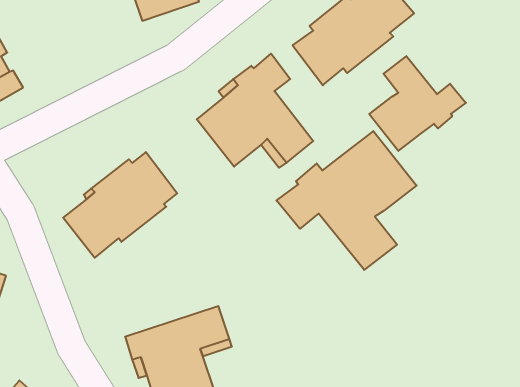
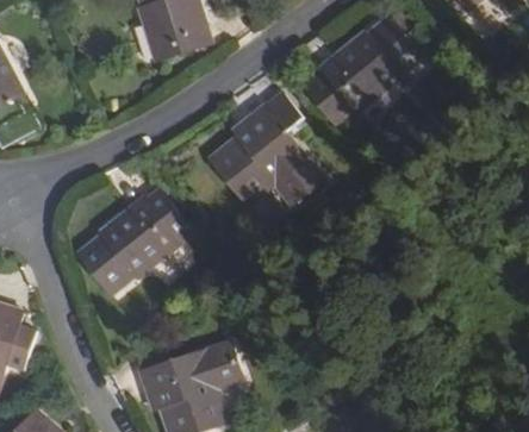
building: [369,56,466,151] -> none
building: [276,131,417,270] -> none

